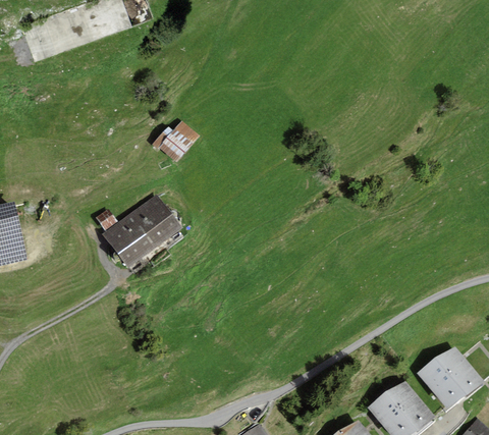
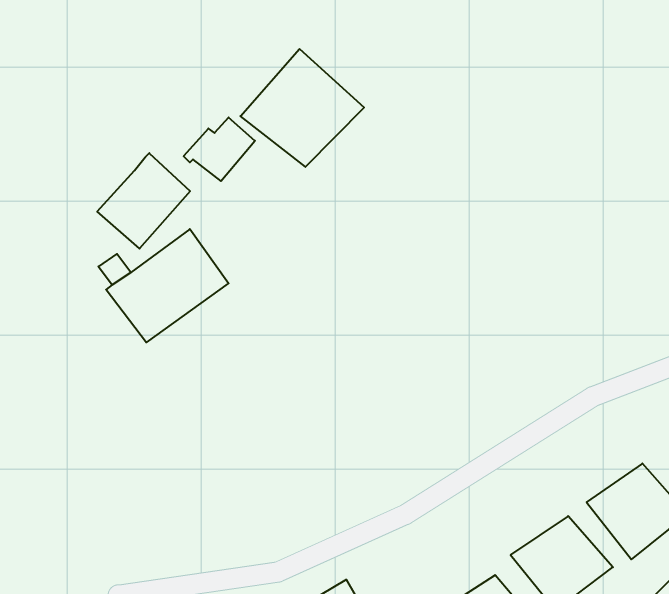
building: none -> [240,49,364,167]
building: none -> [97,153,190,249]

